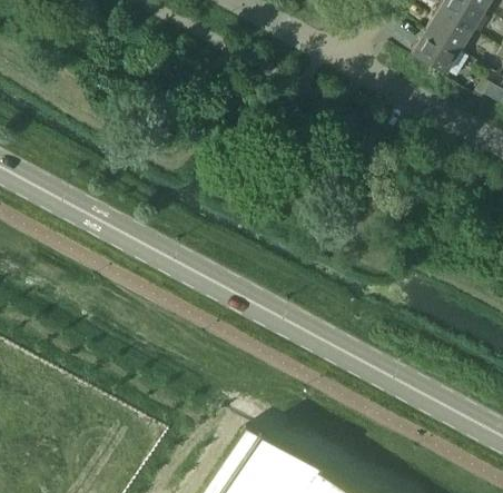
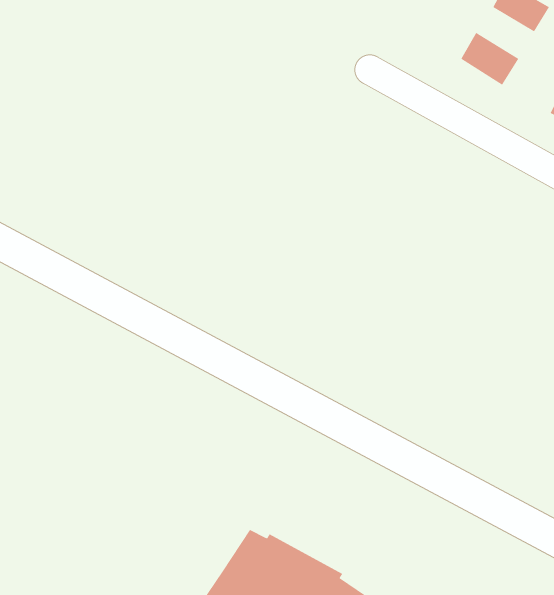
building: [423,19,470,60] -> none

